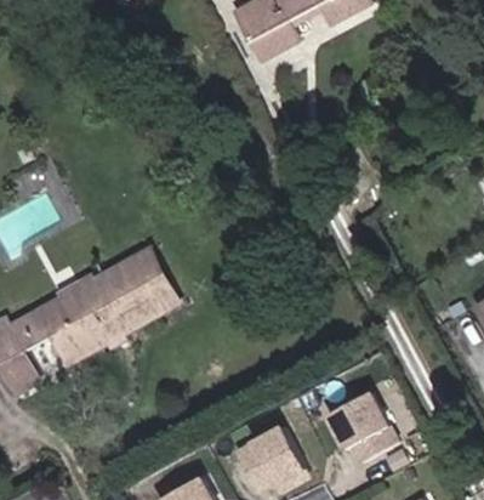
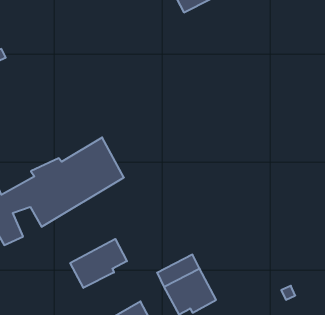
building: none -> [70,239,127,288]
building: [328,391,400,464] -> none

